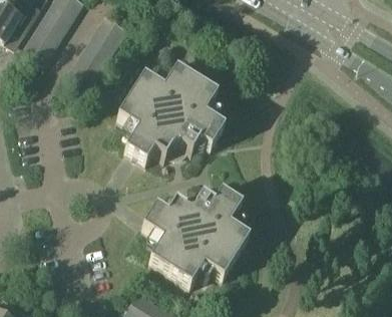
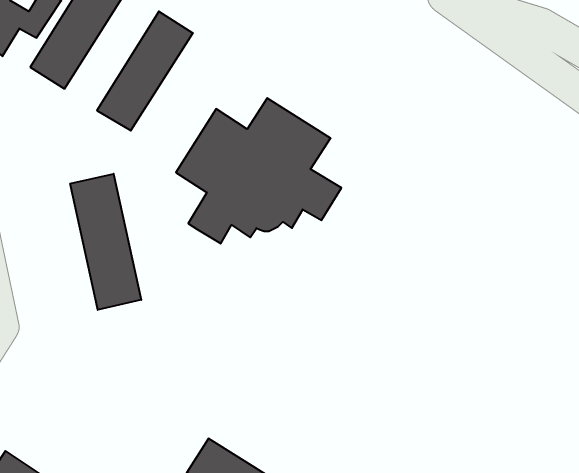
building: none -> [70,174,141,310]
building: [141,192,249,286] -> none

